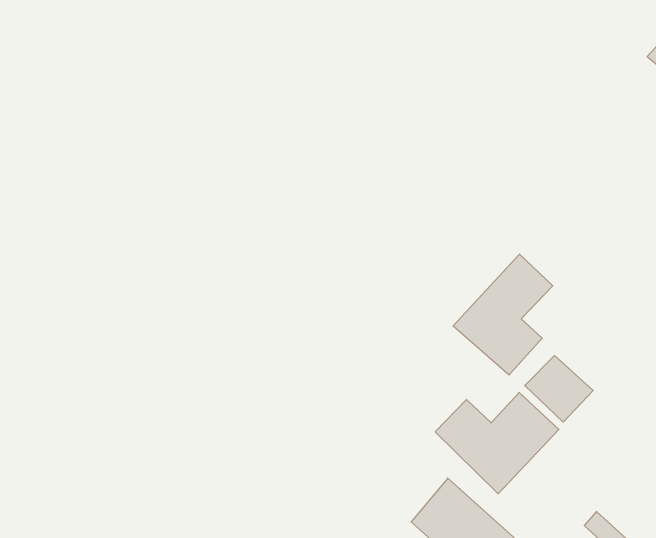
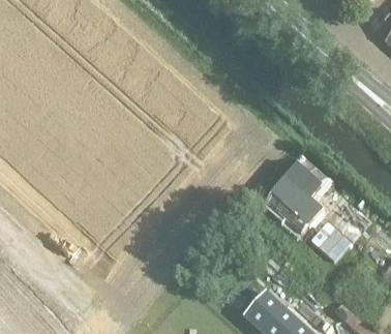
building: [435,392,559,494] -> none

